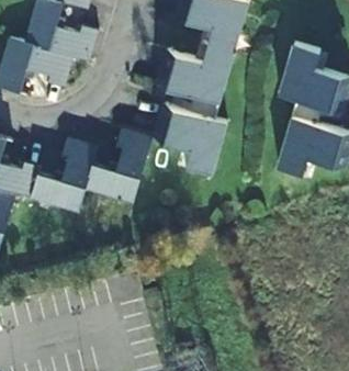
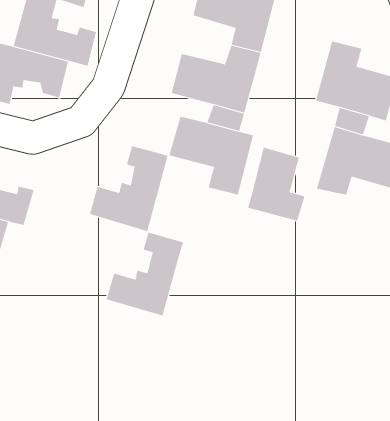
building: none -> [247,147,305,222]
building: [32,139,99,212] -> [106,232,184,316]

